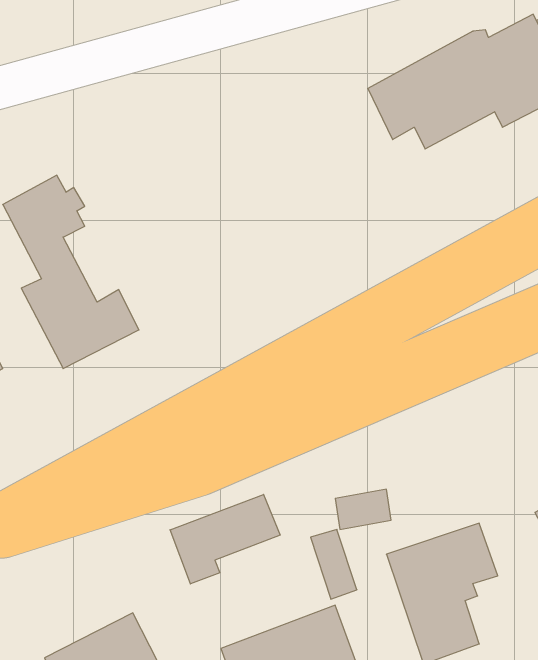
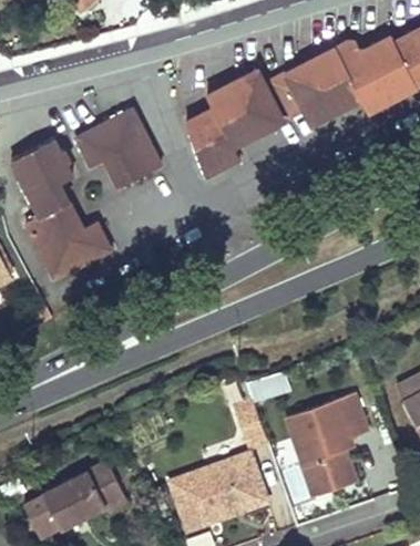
building: none -> [186,72,284,177]
building: none -> [74,115,158,190]
building: [170,494,280,584] -> none

